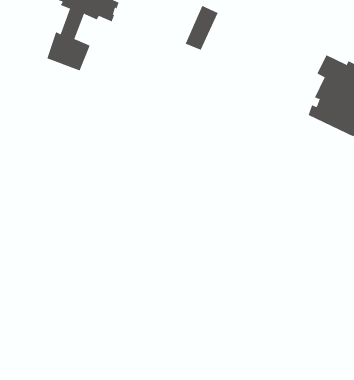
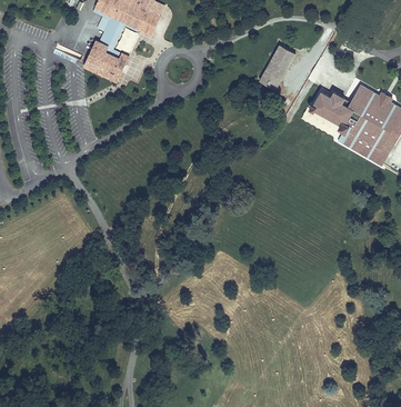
building: [185,5,218,50] -> [260,46,295,90]
building: none -> [310,92,355,135]

